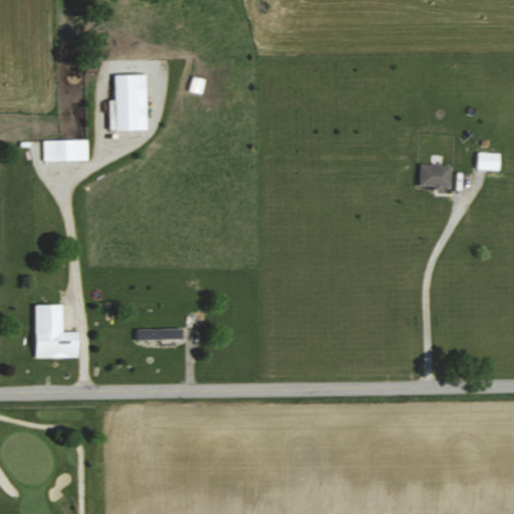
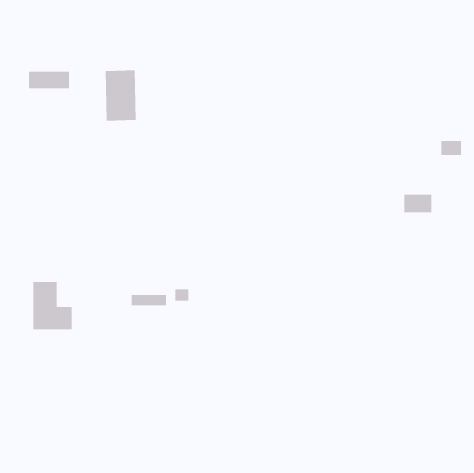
building: [43,143,88,163] -> [28,71,70,89]
building: [420,166,451,187] -> [403,194,432,213]

